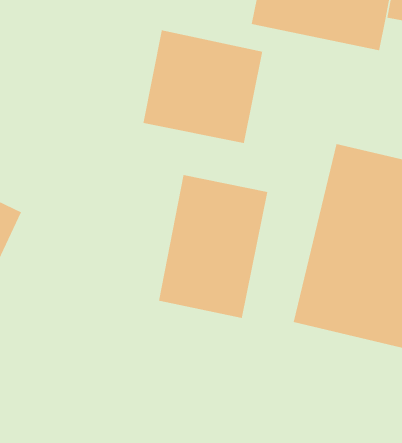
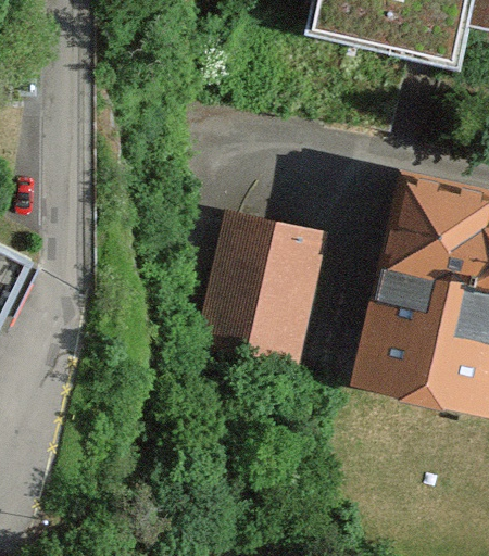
building: [143,30,263,144] -> none

